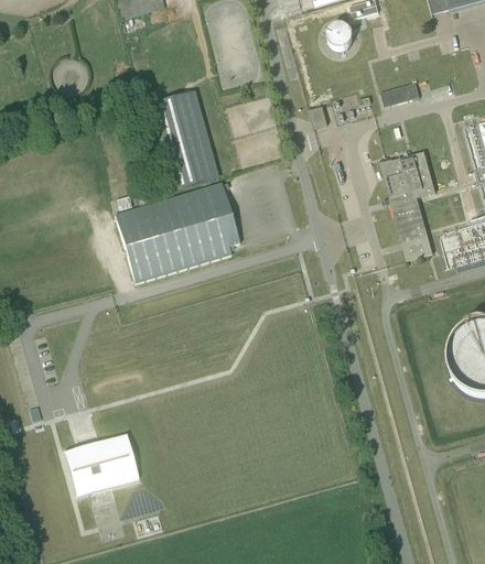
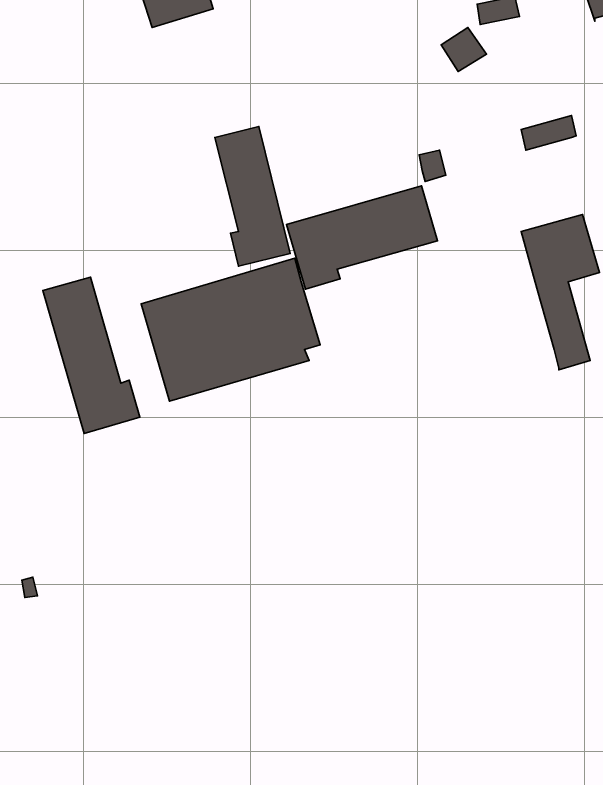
building: none -> [286,186,437,289]
building: none -> [43,277,140,433]
building: [67,434,136,494] -> none

